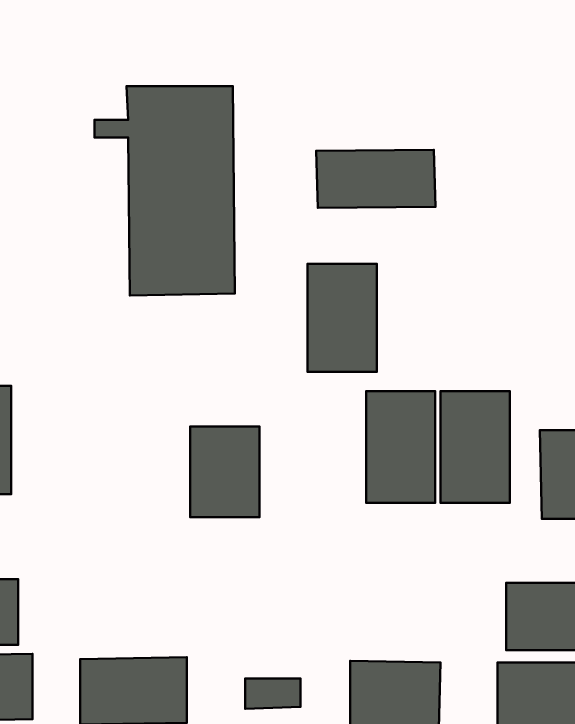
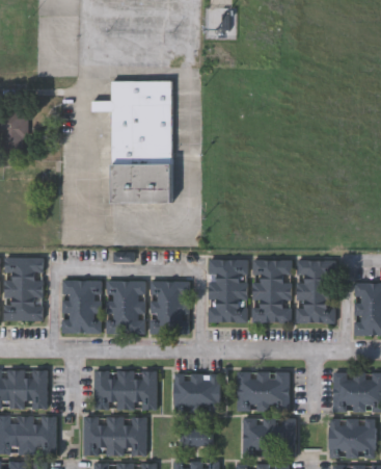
building: [316,150,435,208] -> none
building: [308,264,377,372] -> [207,259,247,322]
building: none -> [60,280,101,332]
building: none -> [107,280,145,332]
building: none -> [92,369,156,409]
building: none -> [237,371,290,410]
building: none -> [173,373,220,411]

